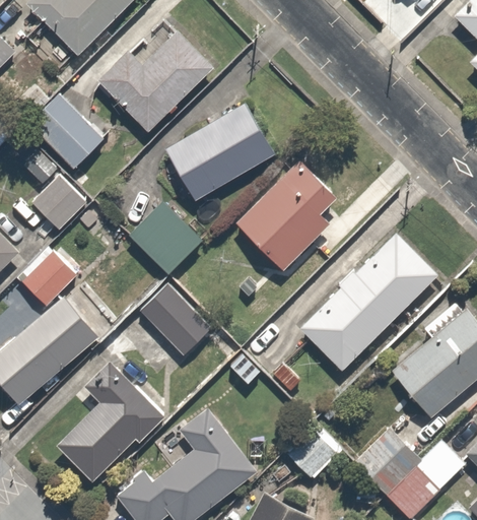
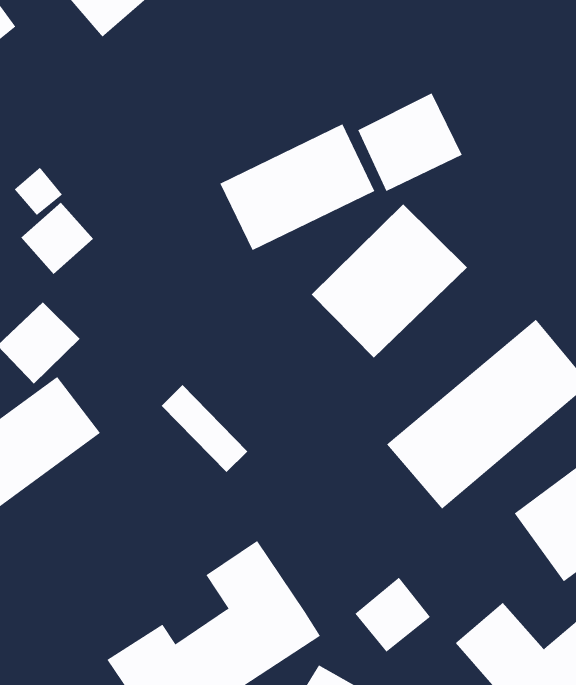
building: [99,29,213,131] -> none
building: none -> [357,93,462,192]
building: [30,98,104,170] -> none
building: [131,201,203,274] -> none
building: [55,361,161,482] -> none

